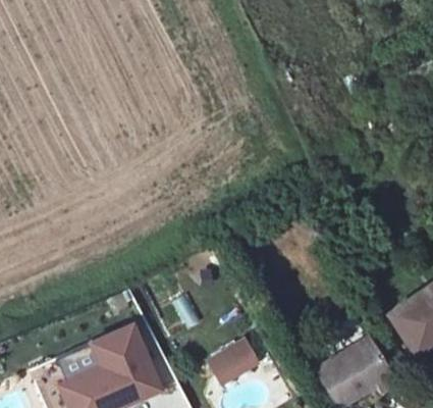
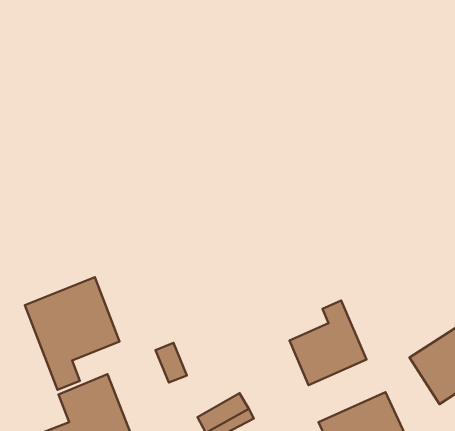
building: none -> [25,277,120,390]
building: none -> [289,301,366,385]

